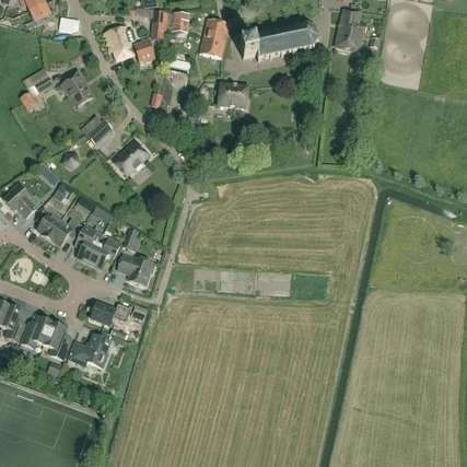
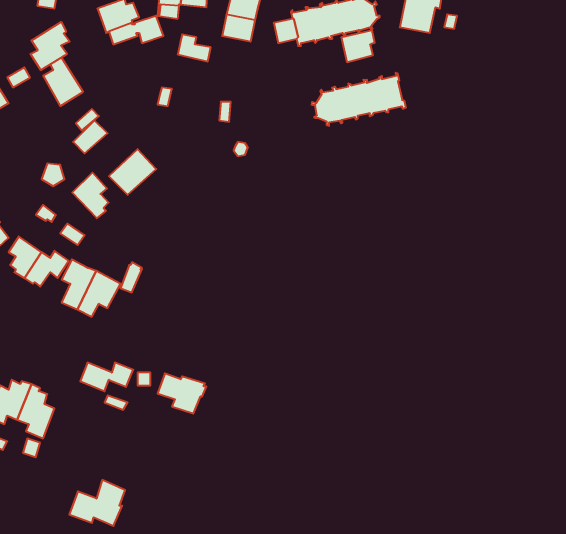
building: none -> [30,22,70,70]
building: none -> [342,30,375,62]
building: none -> [312,73,406,126]
building: [217,82,248,107] -> none
building: none -> [72,173,109,218]
building: [117,253,154,283] -> [158,373,206,414]
building: [68,331,110,366] -> [69,480,125,526]

